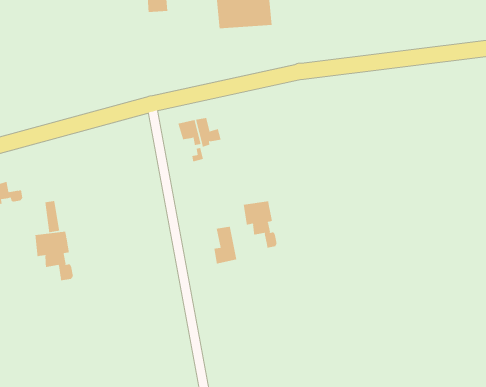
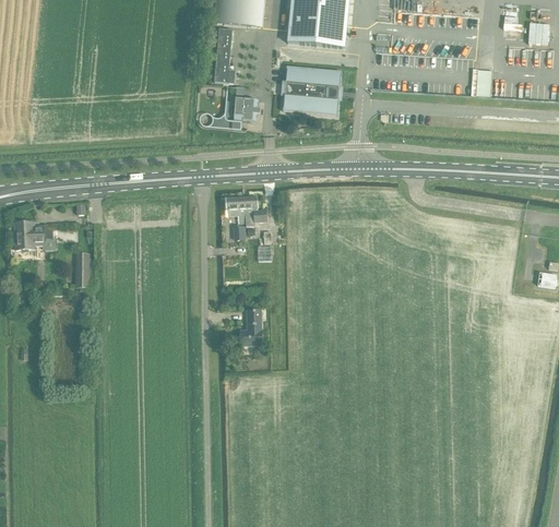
building: none -> [233,96,260,120]
building: [243,200,277,248] -> none
building: [35,231,73,281] -> none

